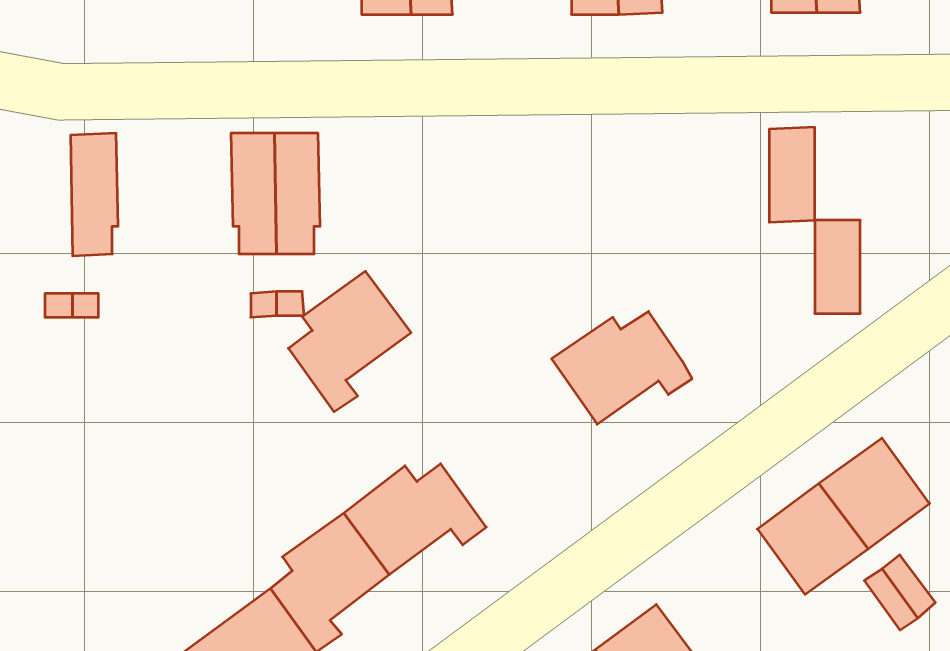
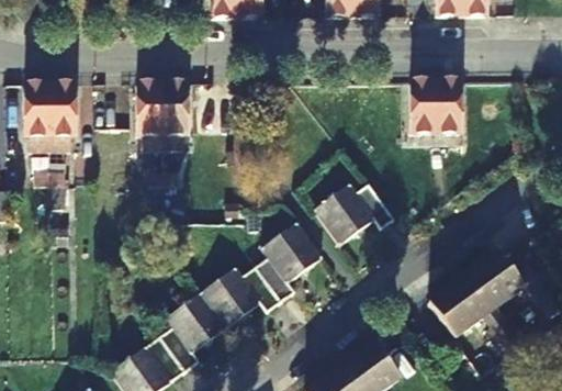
building: none -> [26,82,49,149]
building: [815,220,860,313] -> [411,79,436,131]
building: [288,271,411,412] -> [254,222,322,300]

